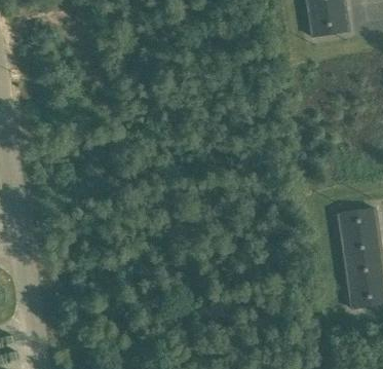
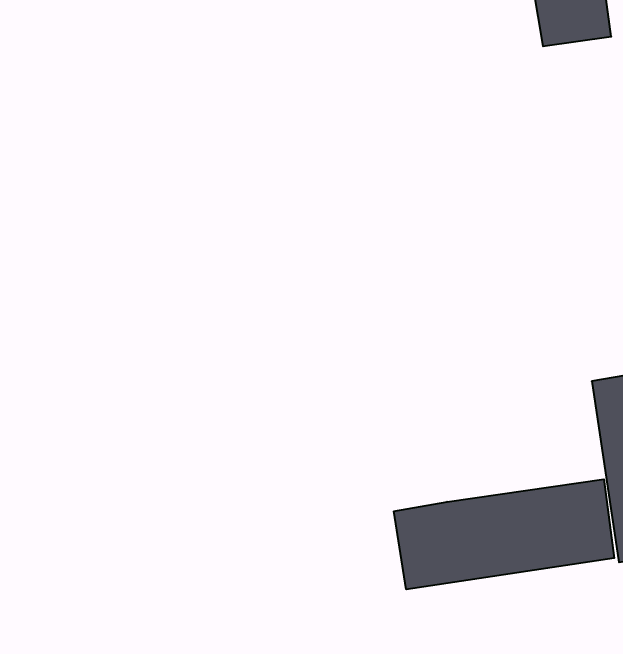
building: none -> [394,479,614,589]

